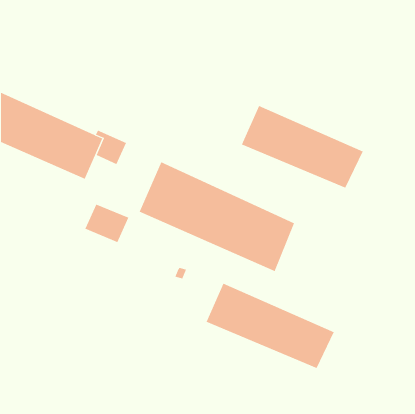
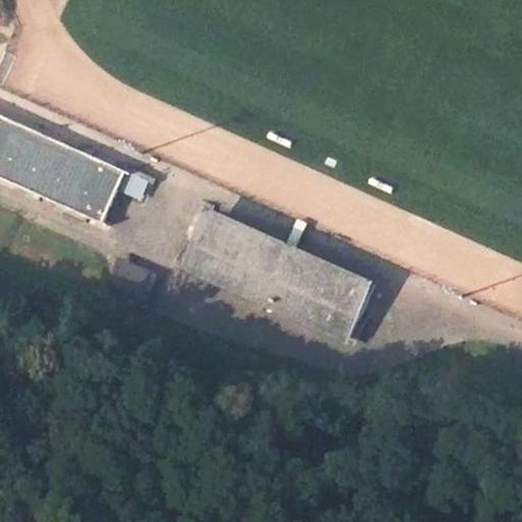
building: [241,105,364,188] -> none
building: [206,283,335,369] -> none

